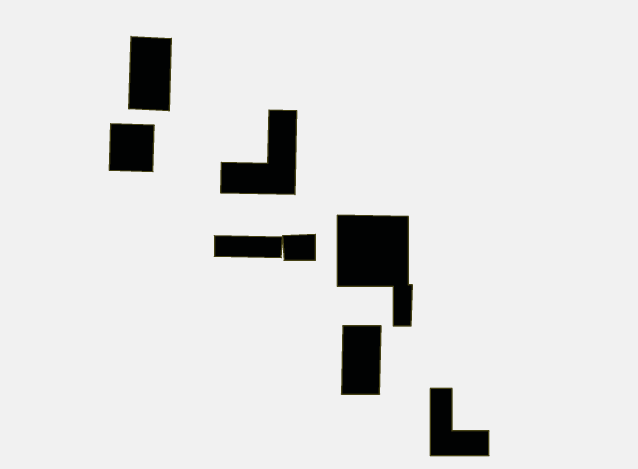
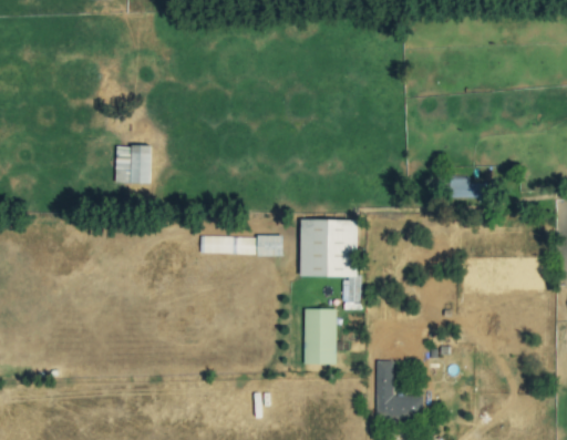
building: [129,36,171,111] -> none
building: [221,110,297,195] -> none
building: none -> [450,176,488,199]

